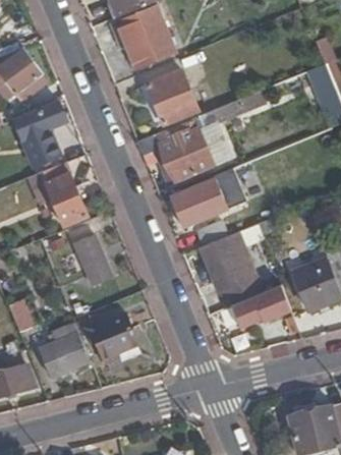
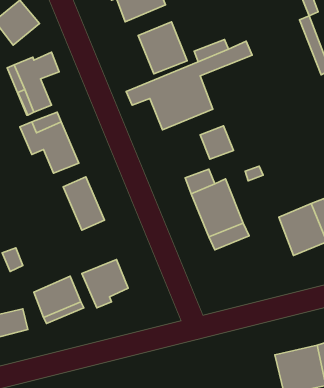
building: [168,167,235,227] -> none
building: [233,285,301,334] -> none

